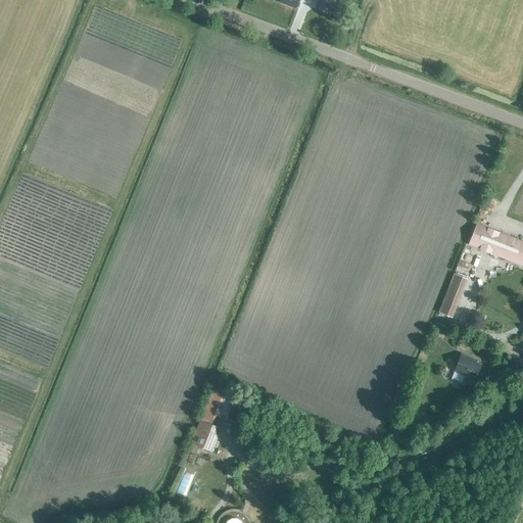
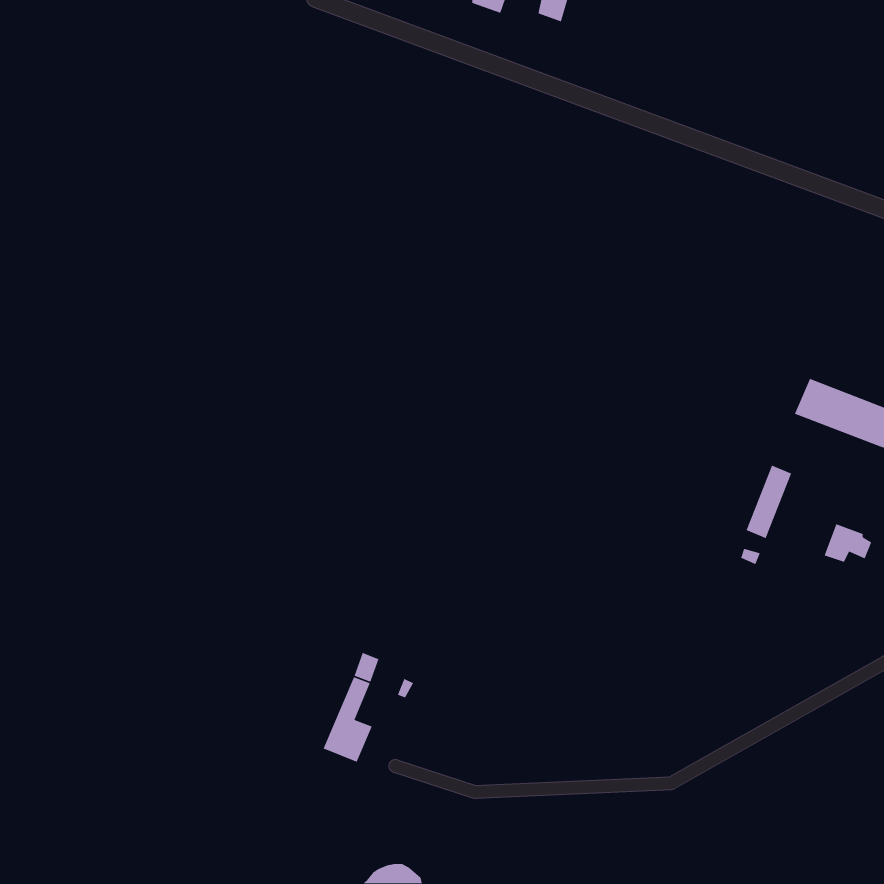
building: [455,352,483,376] -> [824,523,872,563]

